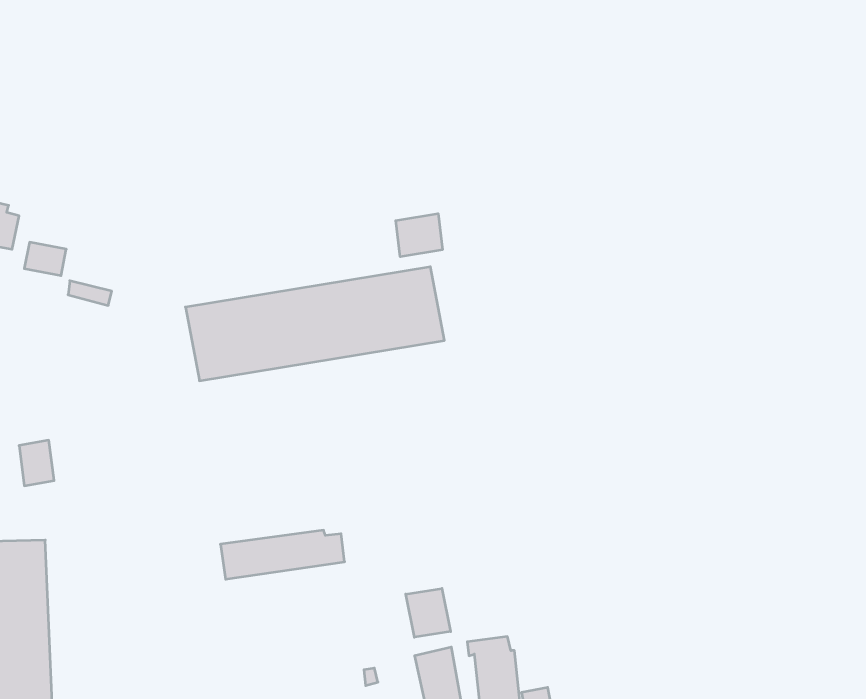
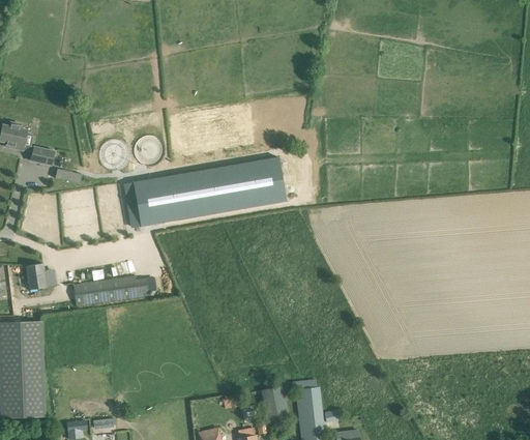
building: [396,214,442,257] -> none
building: [220,530,345,579] -> [73,275,147,304]
building: [406,588,451,637] -> none

